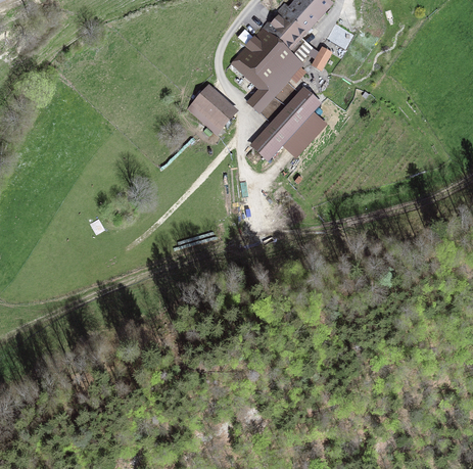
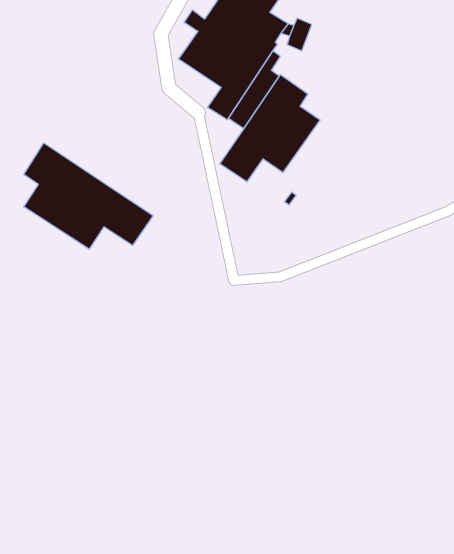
building: [187,84,239,138] -> none
building: none -> [24,143,153,249]

